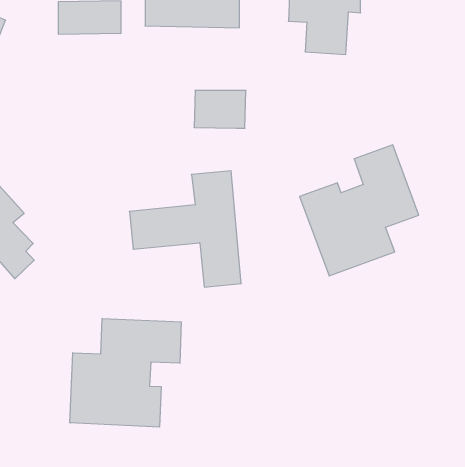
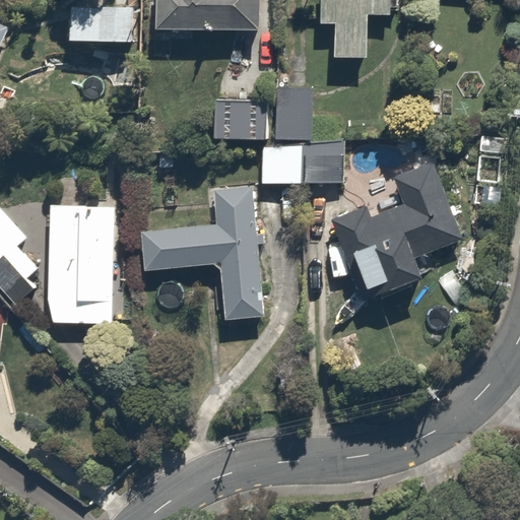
building: none -> [260,87,335,184]
building: none -> [45,201,118,321]
building: [70,318,181,427] -> none

